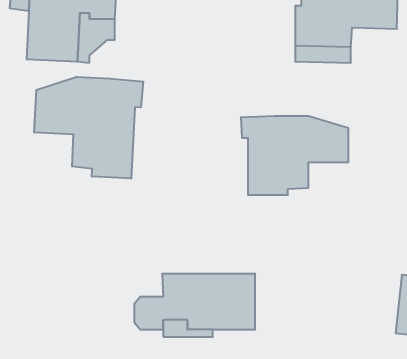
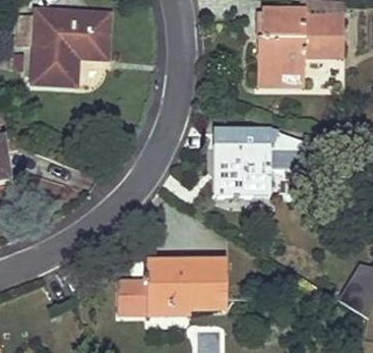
building: [34,77,143,179] -> none

